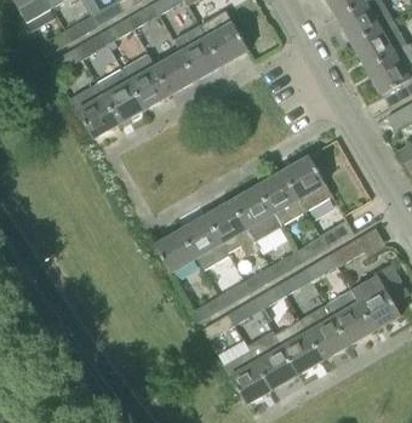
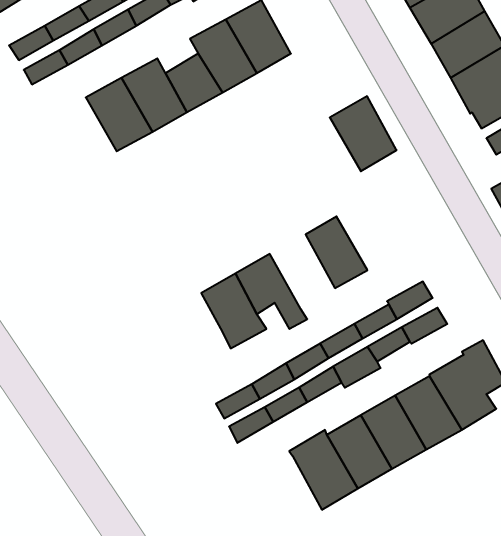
building: [69,82,118,137] -> none
building: [281,155,331,211] -> [330,96,397,171]
building: [231,184,281,240] -> none
building: [154,228,196,273] -> none
building: [222,349,270,404] -> none

